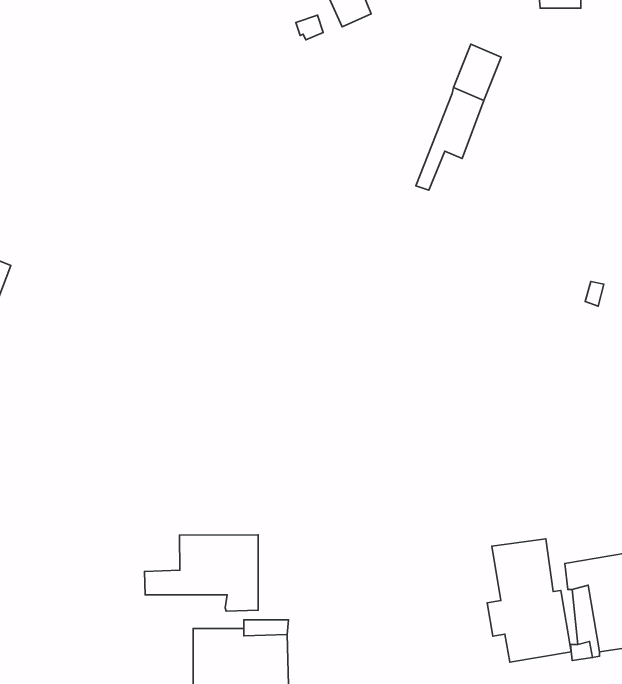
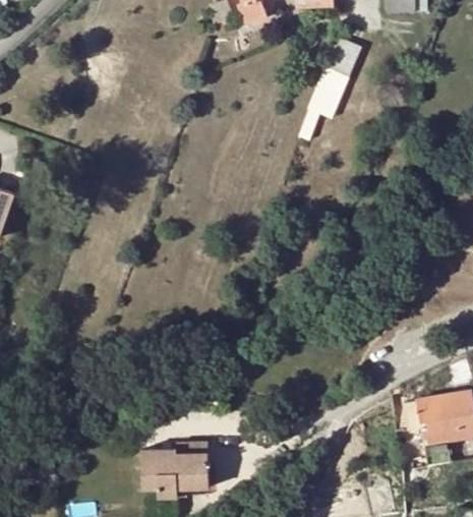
building: [145,535,258,611] -> none
building: [487,539,571,662] -> none

